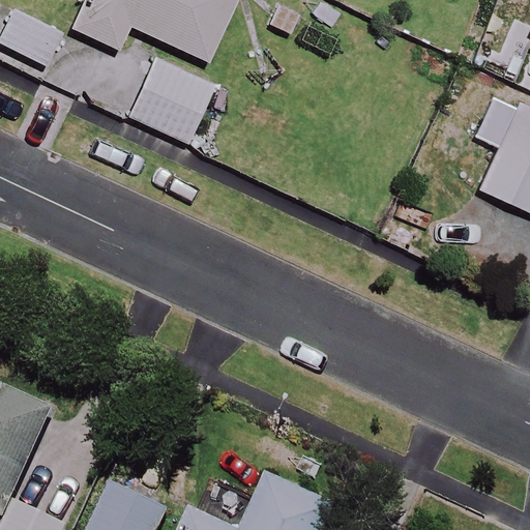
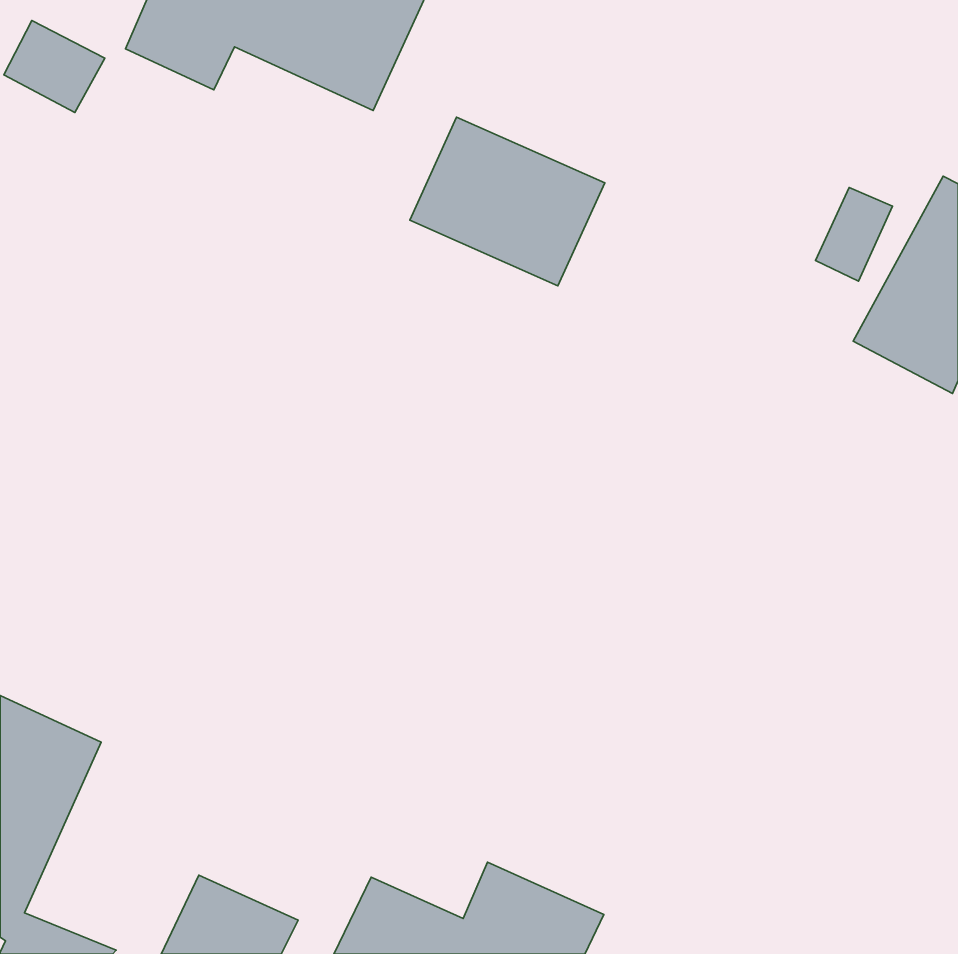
building: [121,56,229,149] -> [410,117,605,286]

